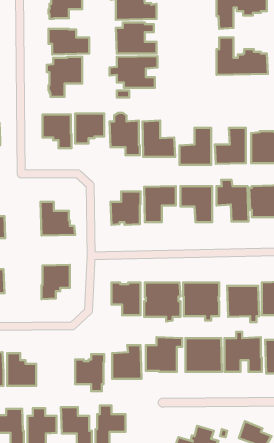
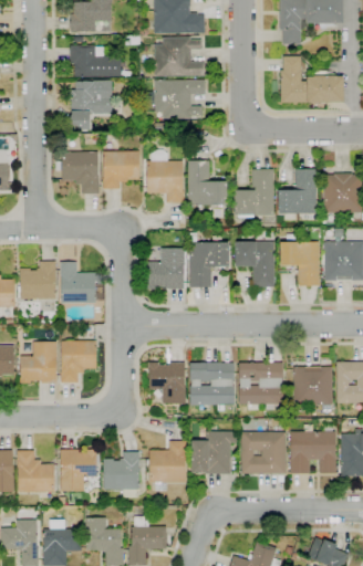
building: none -> [20,261,56,300]
building: none -> [20,342,56,385]
building: none -> [58,450,98,492]

